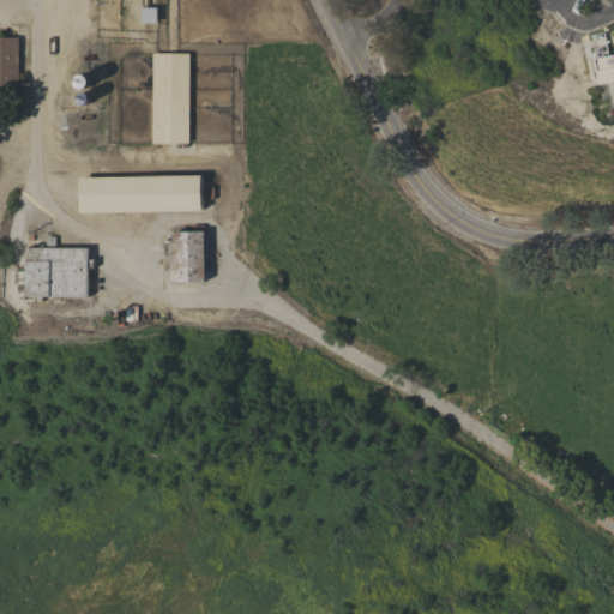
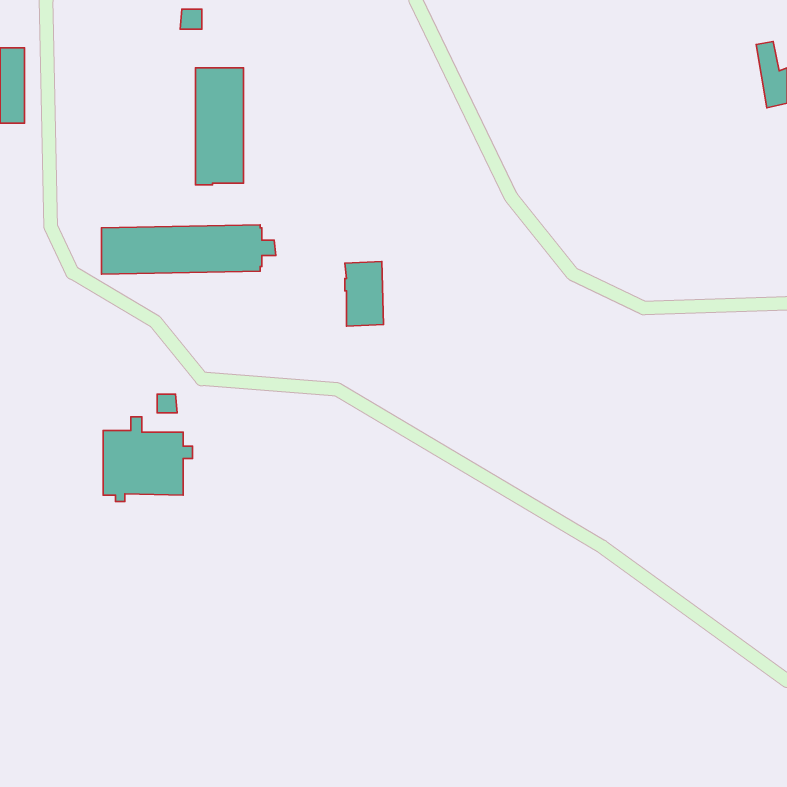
building: [174,231,204,282] -> [345,262,383,326]
building: [25,236,95,302] -> [103,417,193,501]

